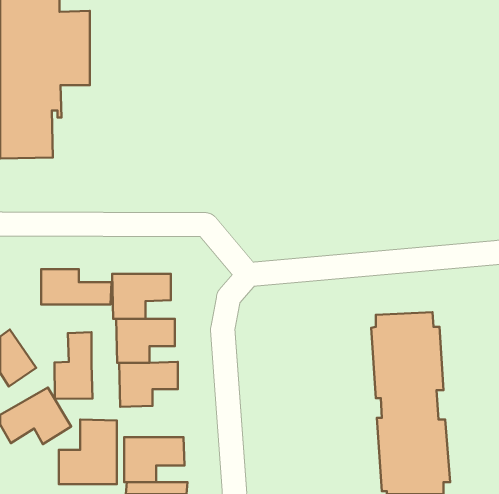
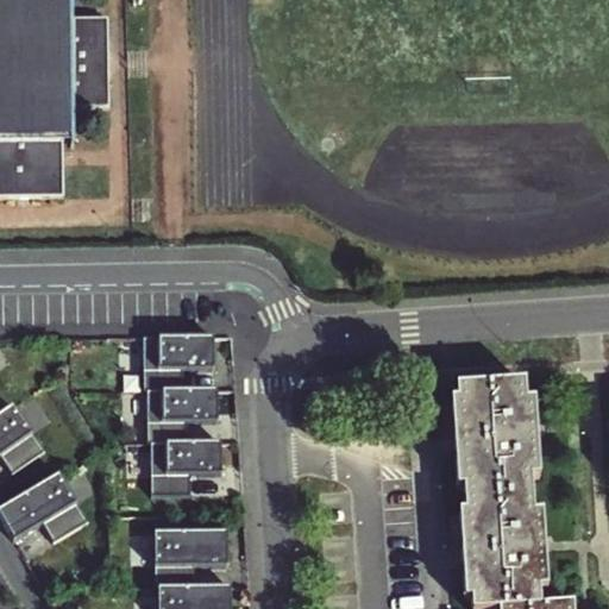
building: [41,269,112,305] -> none
building: [54,332,93,399] -> none
building: [59,420,117,484] -> none

